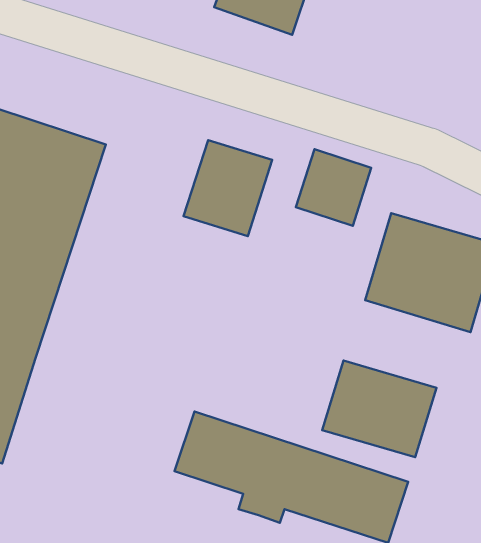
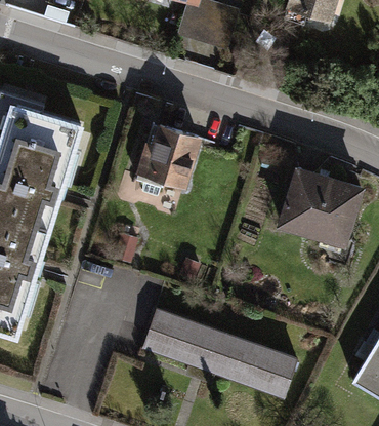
building: [296,149,371,226] -> none
building: [322,361,436,457] -> none

